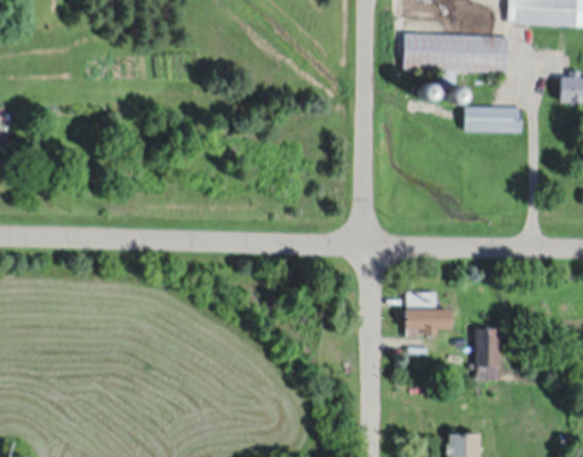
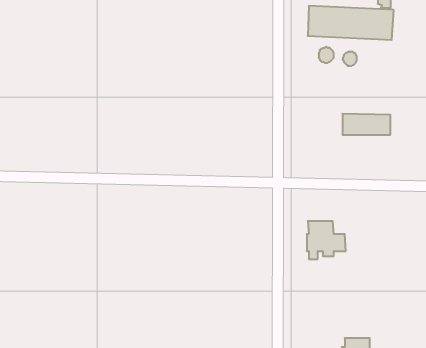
building: [464,107,522,133] -> [342,114,390,135]
building: [476,329,500,383] -> none

